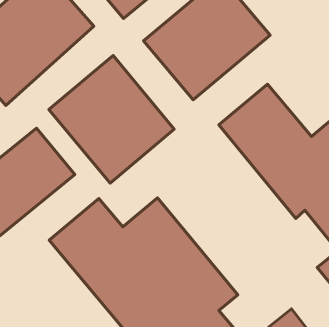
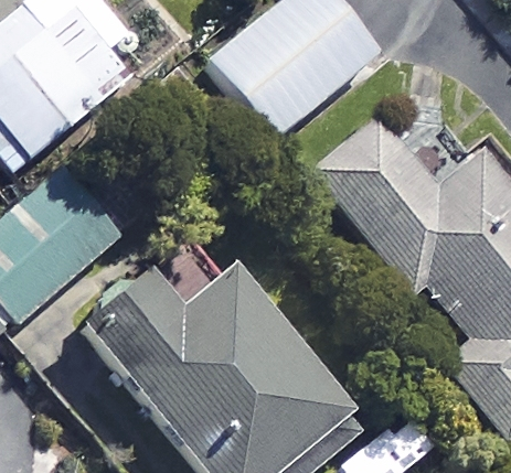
building: [49,56,174,183] -> none

